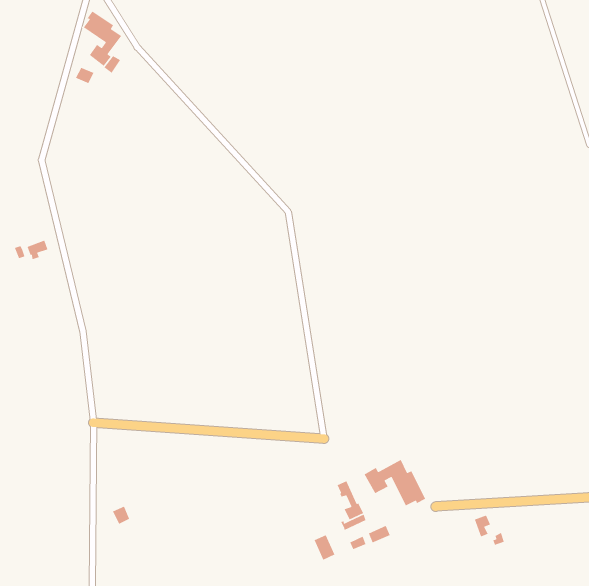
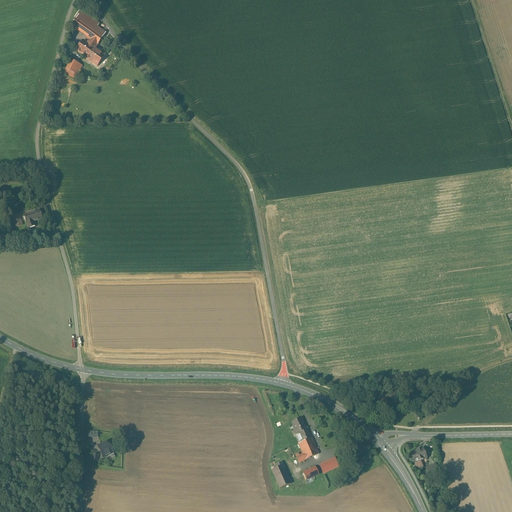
building: [364,459,426,507] -> none

